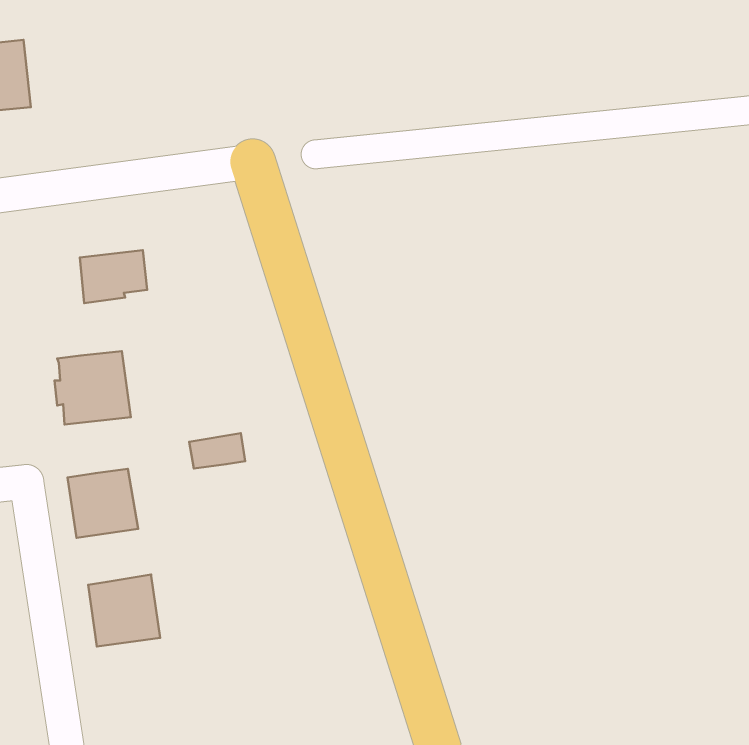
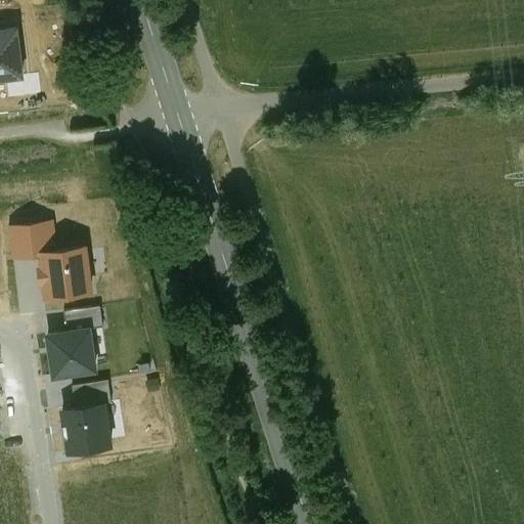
building: [80,250,147,303] -> [9,224,56,261]
building: [189,433,245,468] -> [63,309,102,334]
building: none -> [72,383,111,409]

